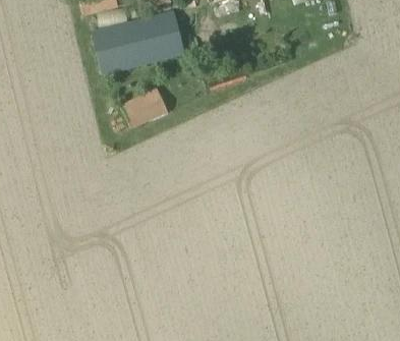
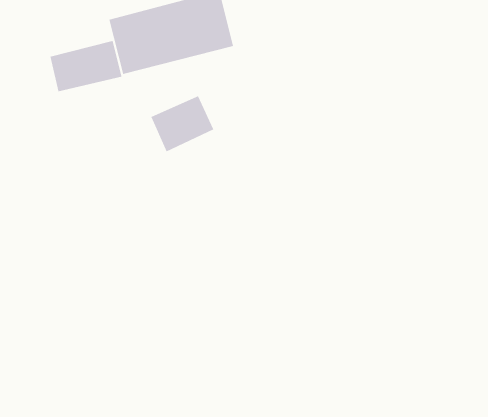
building: none -> [50,40,122,92]

